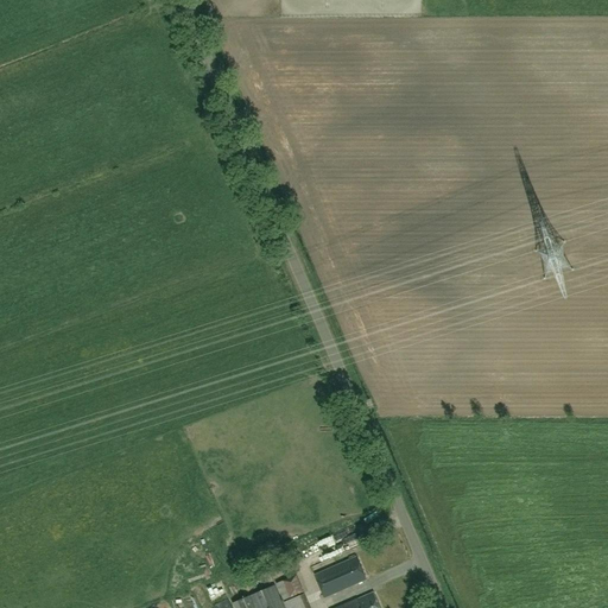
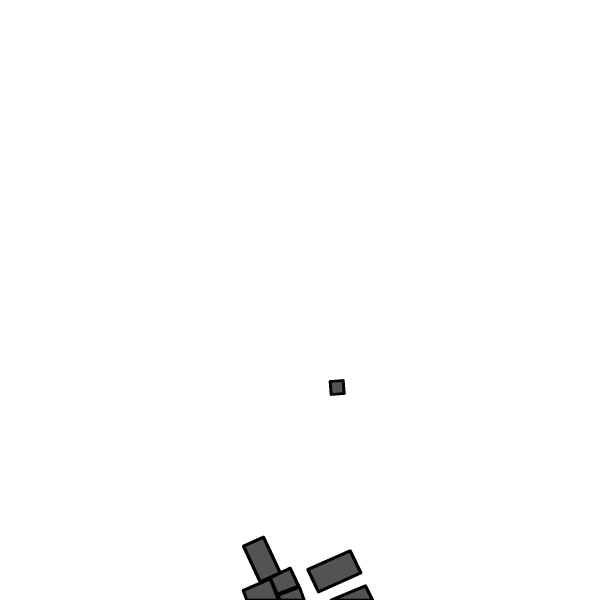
building: none -> [244,537,280,582]

